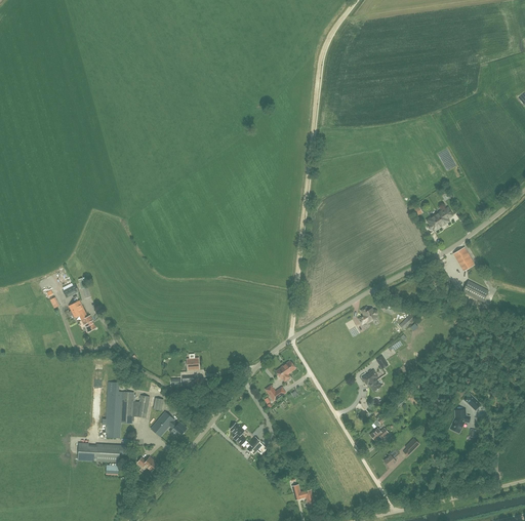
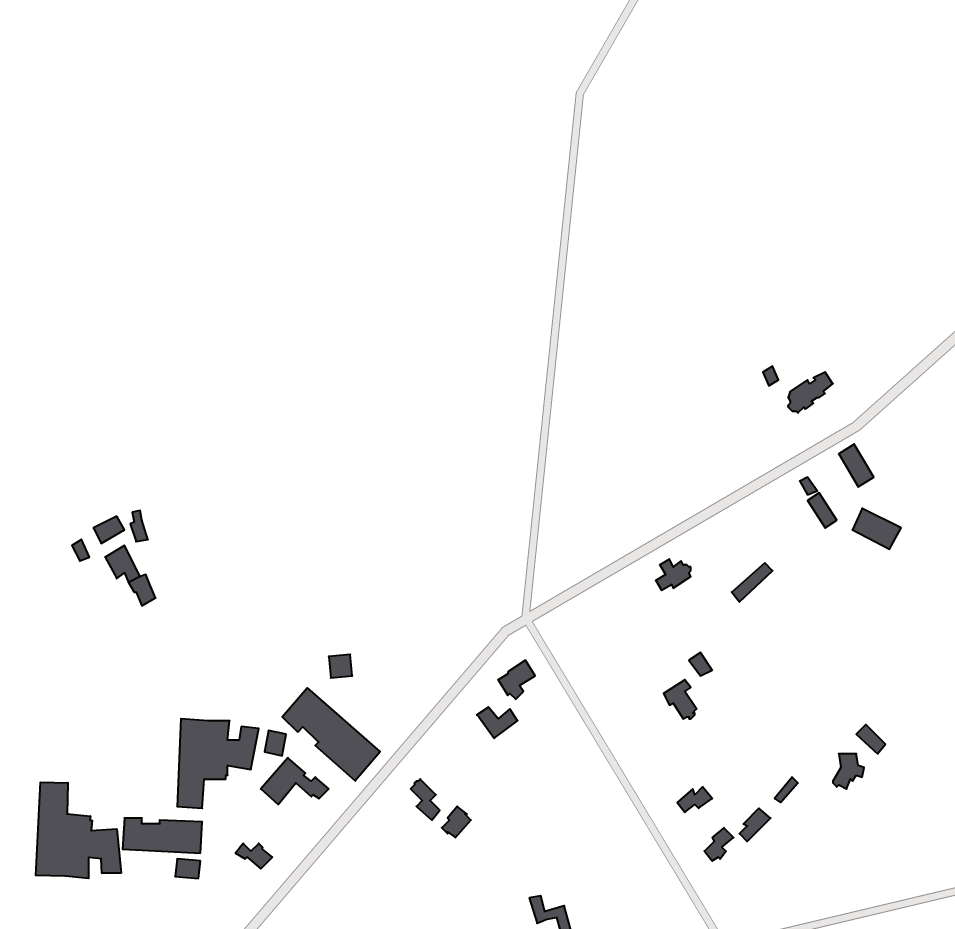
building: none -> [282,688,380,781]
building: none -> [36,782,121,878]

